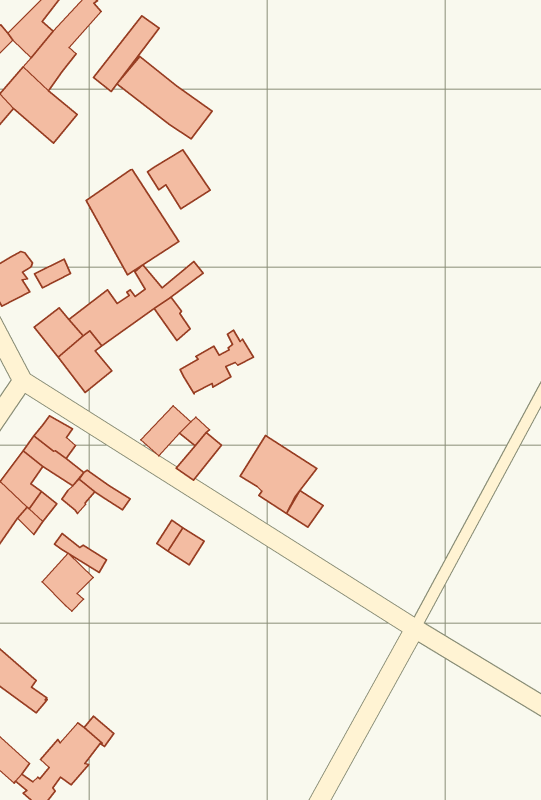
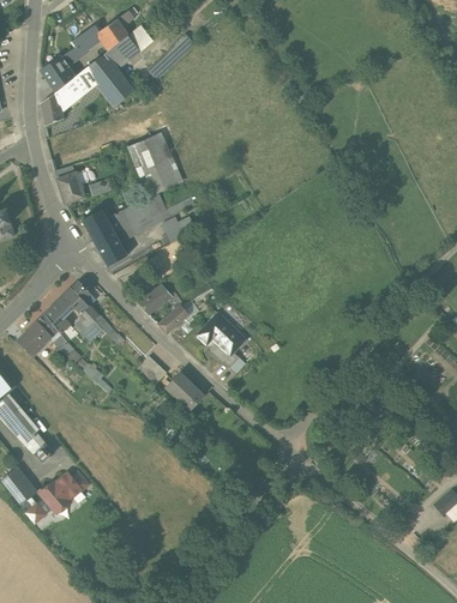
building: [117,56,212,139] -> none
building: [147,150,210,209] -> none
building: [180,330,253,394] -> none
building: none -> [167,373,203,409]
building: [42,553,93,611] -> none

